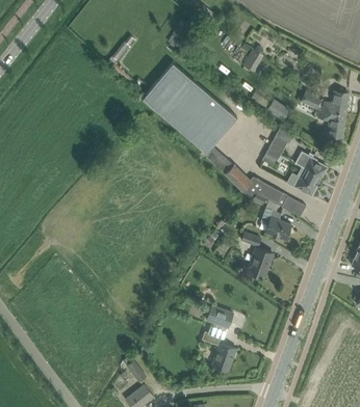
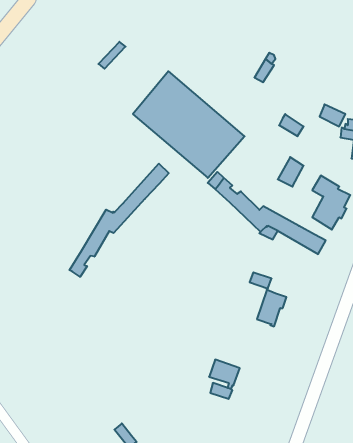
building: none -> [69,164,169,277]
building: [260,208,291,240] -> none
building: [212,343,236,371] -> none

